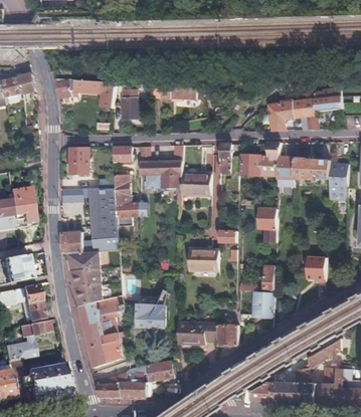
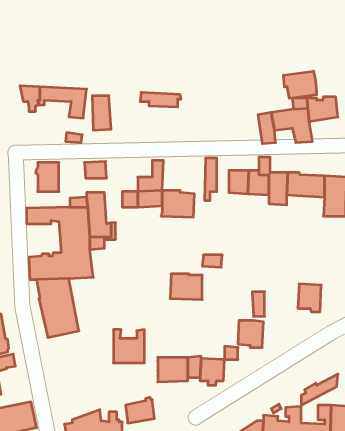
building: none -> [284,71,317,98]
building: [138,150,159,174] -> none
building: [259,205,277,241] -> none
building: [76,296,123,367] -> none

